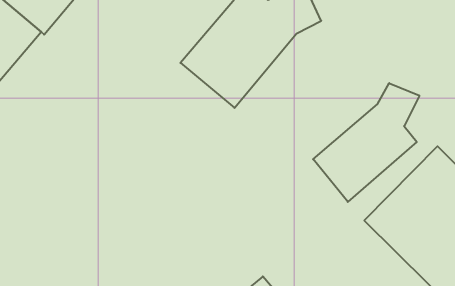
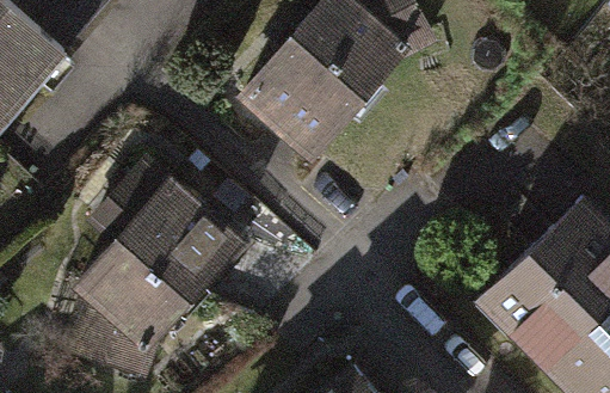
building: [313,83,419,202] -> none
building: none -> [80,164,242,375]

